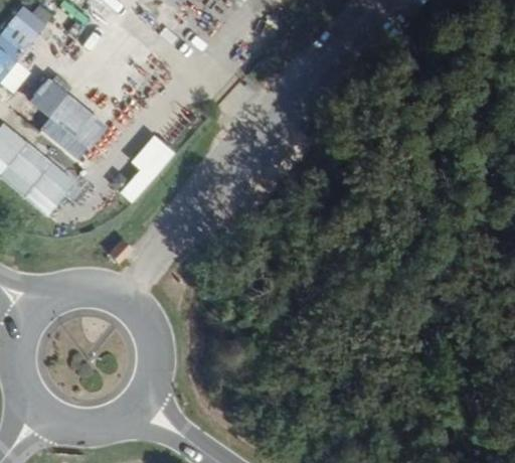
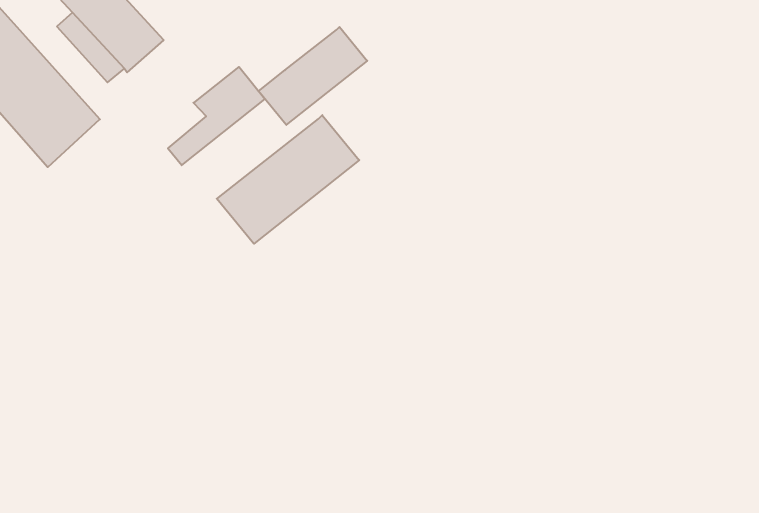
building: none -> [258,27,367,125]
building: none -> [217,115,359,244]

